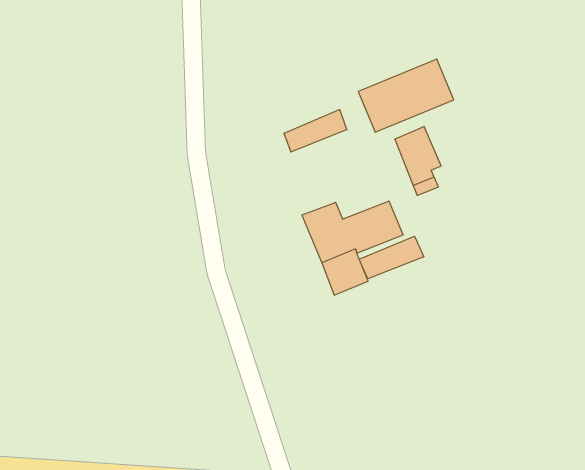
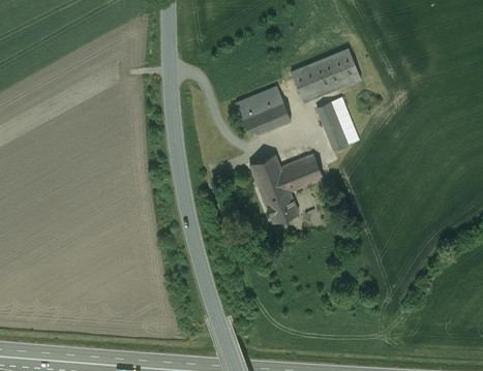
building: none -> [241,100,291,136]
building: [359,236,424,279] -> none

